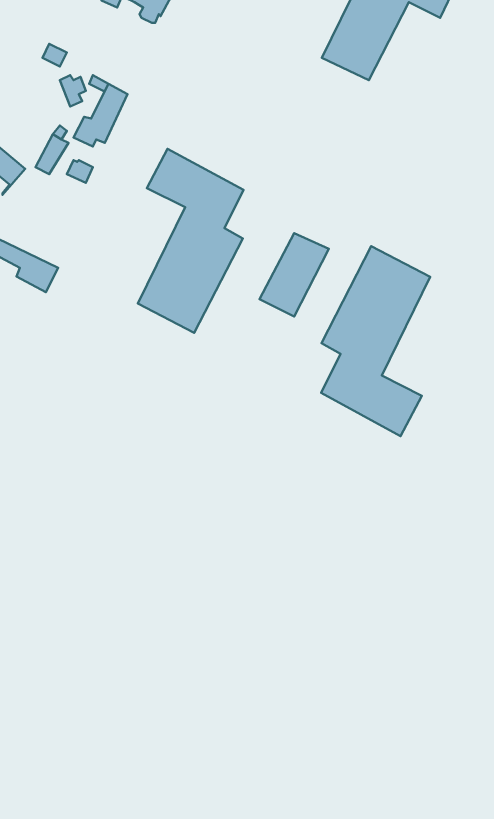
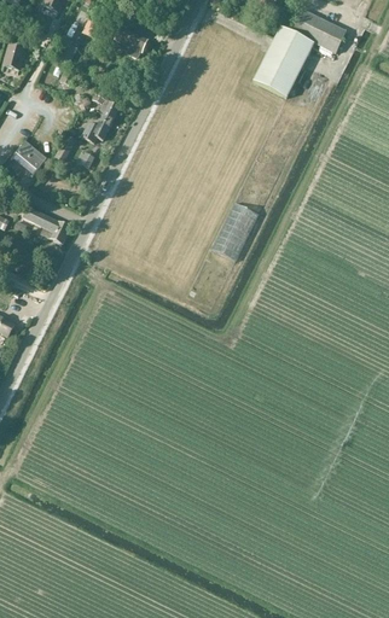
building: [138,149,244,333] -> none
building: [321,246,430,436] -> none

